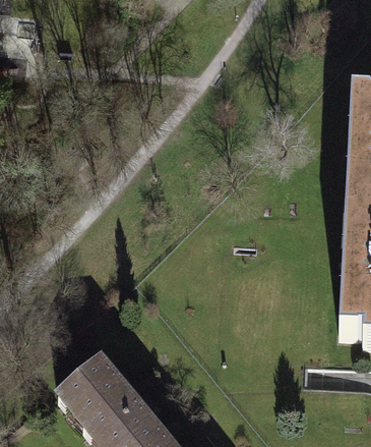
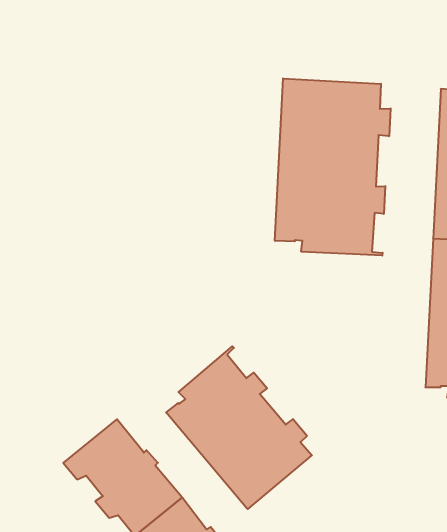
building: none -> [275,78,391,256]
building: none -> [166,346,312,509]

